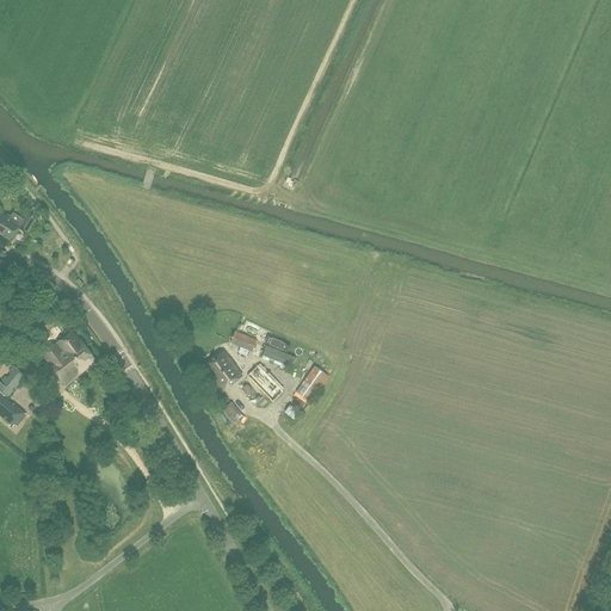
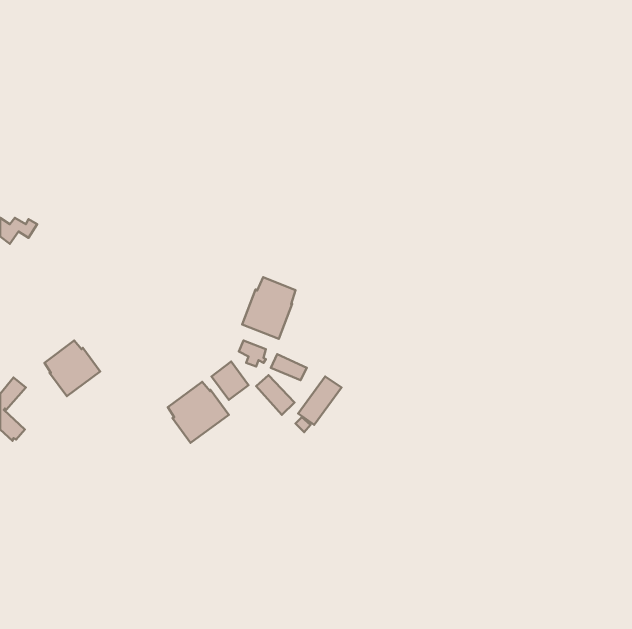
building: none -> [242,277,296,339]
building: none -> [168,382,229,443]

